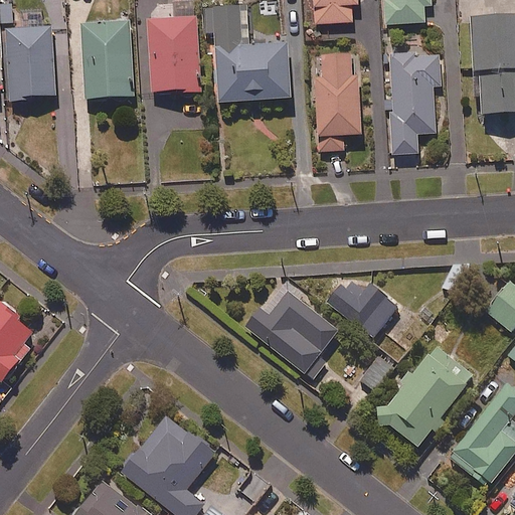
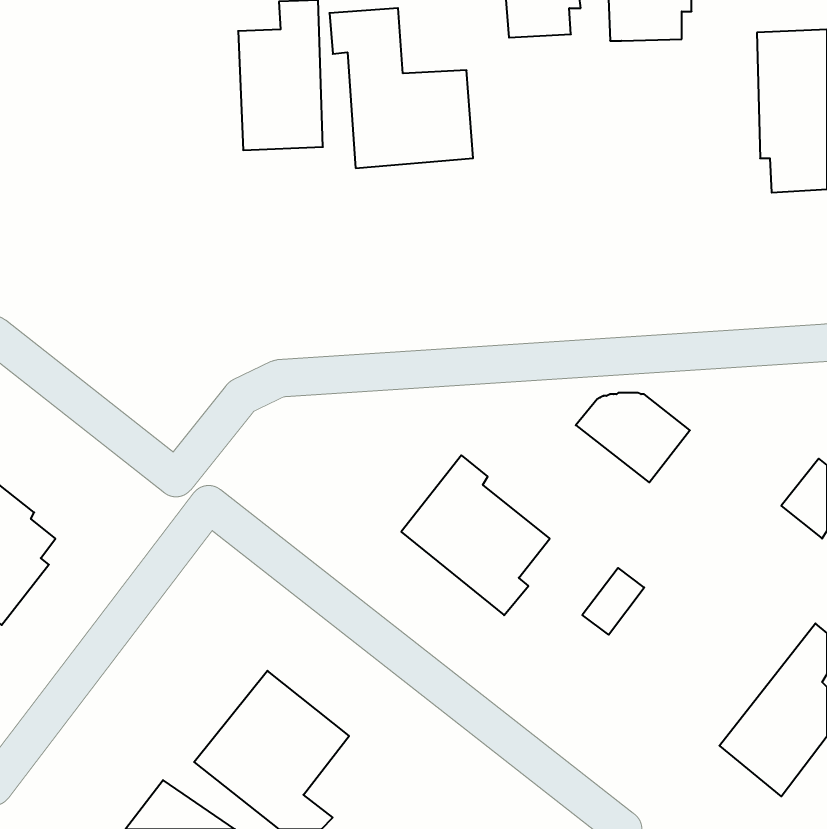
building: [82,20,134,99] -> none
building: [5,25,55,104] -> none
building: [315,53,361,151] -> none
building: [385,53,438,156] -> none
building: [328,282,398,337] -> [576,393,690,482]
building: [380,346,474,448] -> none

